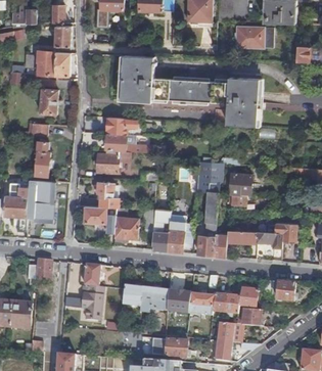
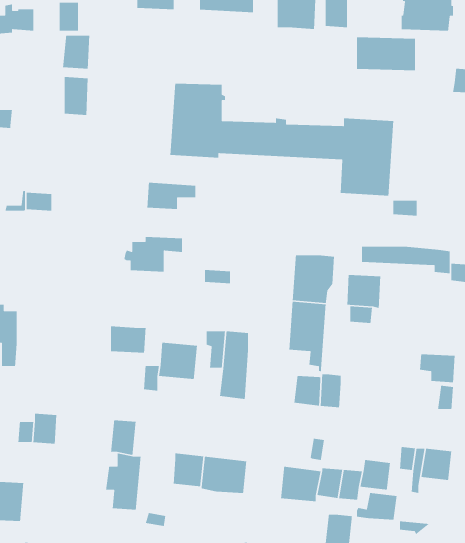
building: [25,50,55,75] -> none
building: [40,88,58,113] -> none
building: [105,133,149,152] -> none
building: [34,141,49,175] -> none
building: [27,179,54,219] -> none
building: [94,182,120,207] -> none
building: [168,221,185,252] -> none
building: [227,231,282,248] -> [361,246,450,274]
building: [167,289,191,313] -> none

